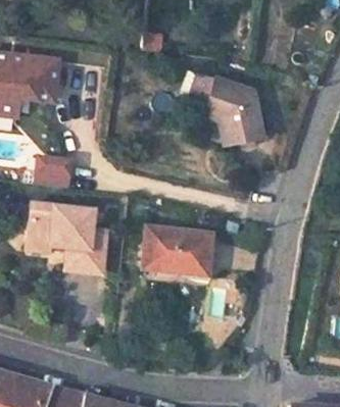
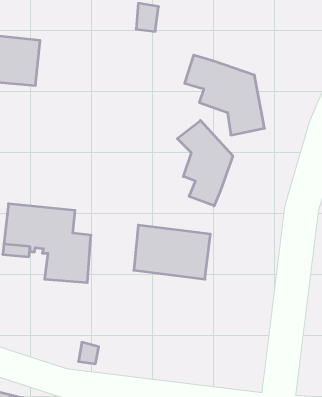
building: none -> [177,120,233,206]
building: [37,158,70,188] -> none

